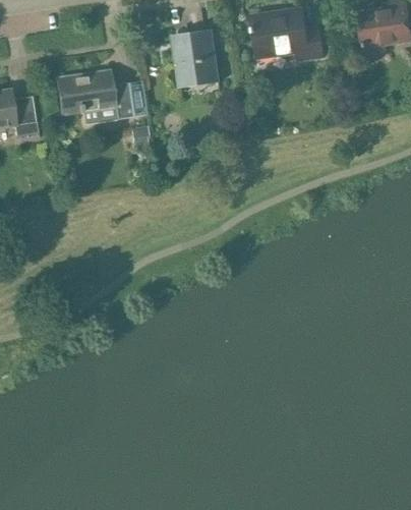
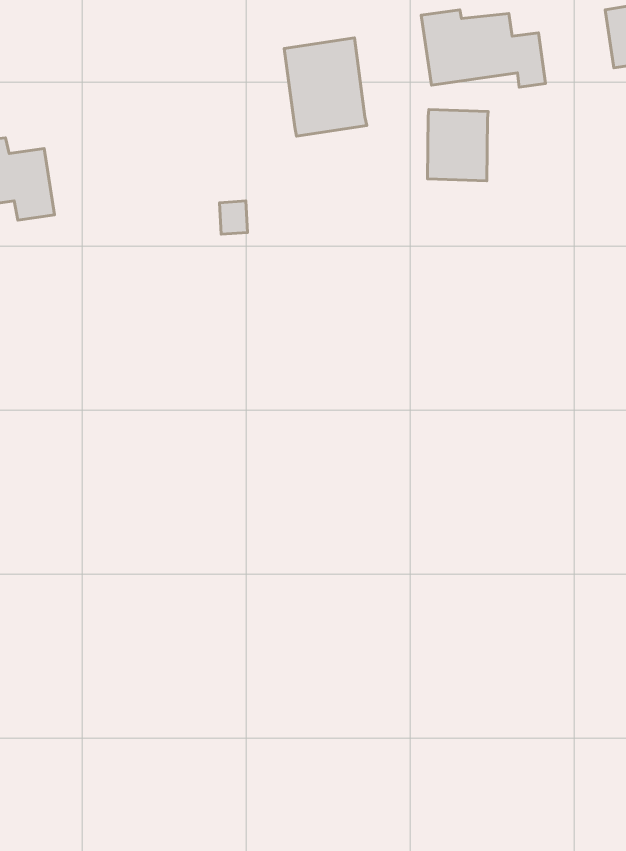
building: [56,70,133,120] -> none
building: none -> [427,110,488,181]

